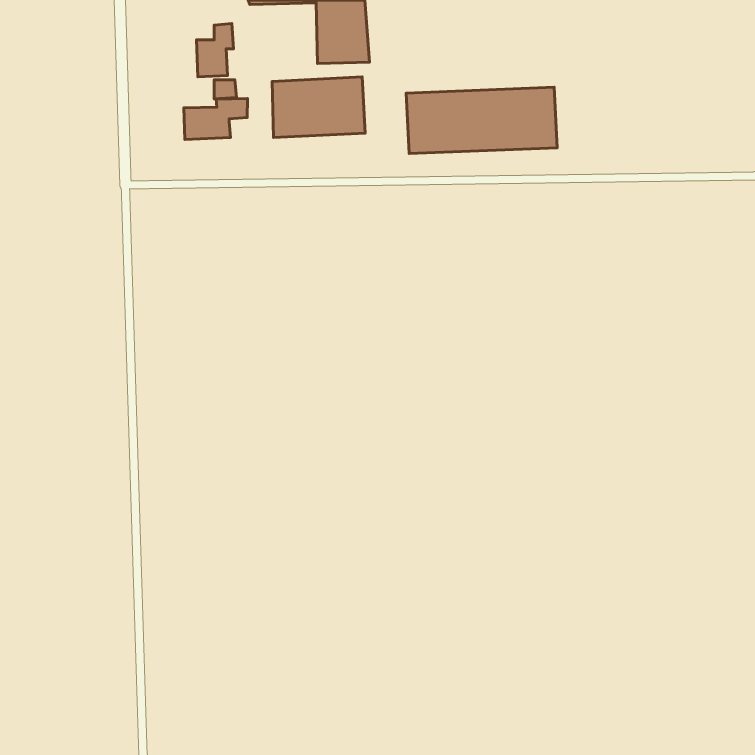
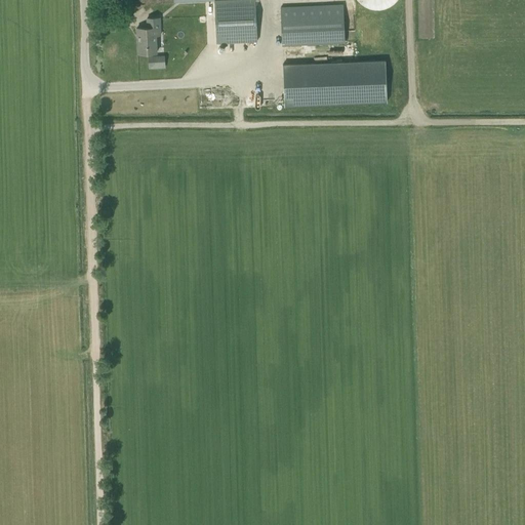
building: [272,77,365,137] -> [280,4,345,46]
building: [184,99,248,139] -> none

